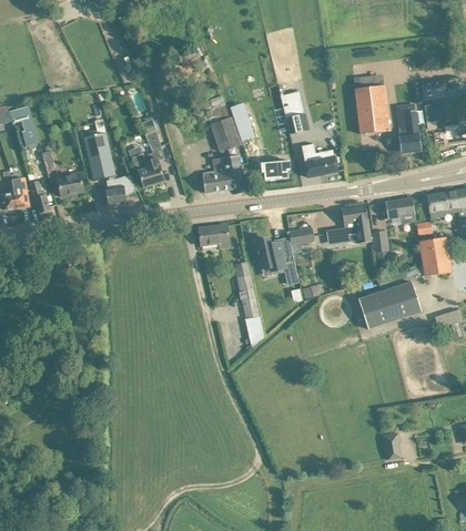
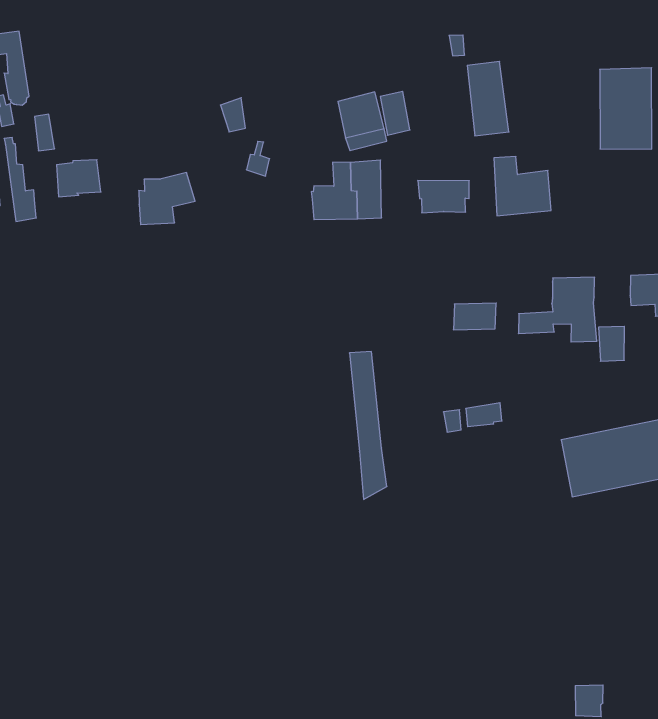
building: [84,126,115,180] -> none
building: [134,151,164,187] -> none
building: [200,225,230,247] -> none
building: [255,238,300,284] -> none

